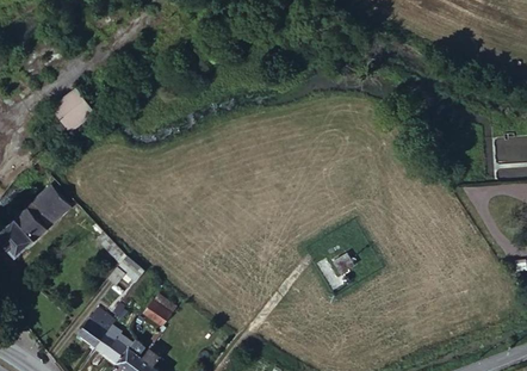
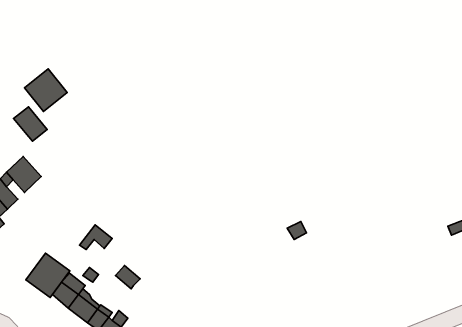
building: none -> [14,107,47,141]
building: none -> [26,253,70,298]

